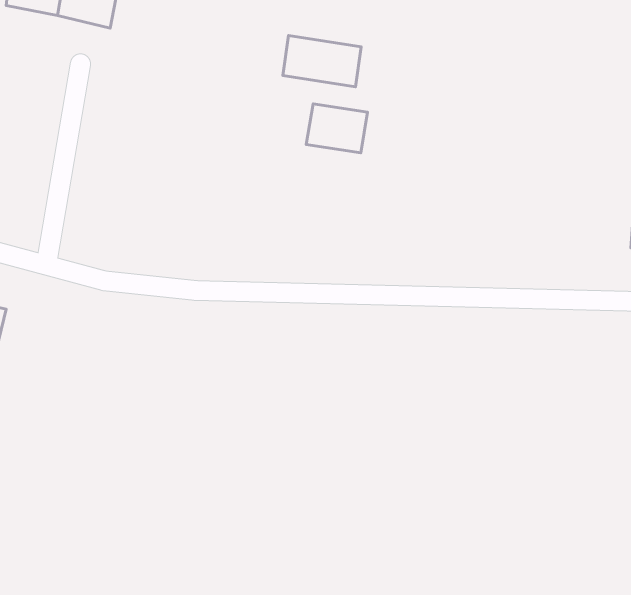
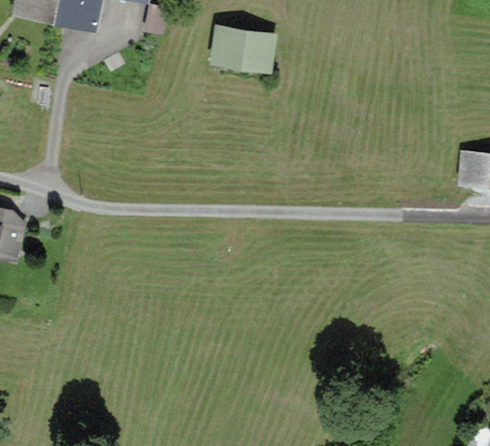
building: [306,104,368,153] -> none

